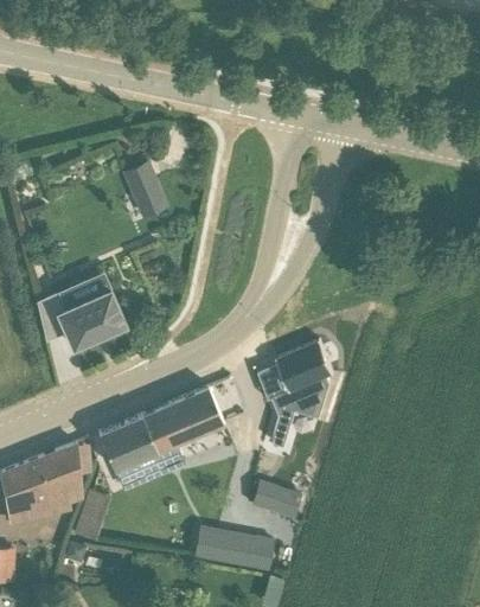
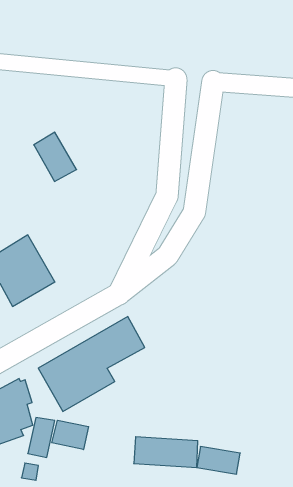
building: [271,340,333,447] -> none
building: [251,480,303,517] -> [197,447,240,474]
building: none -> [52,420,89,450]

